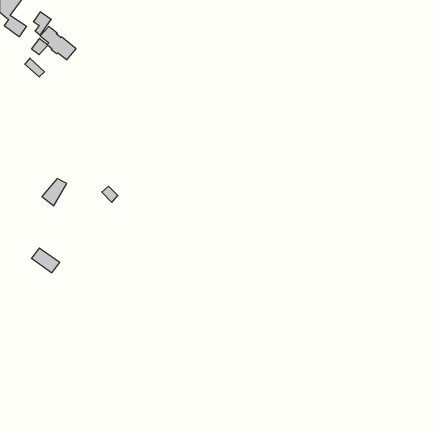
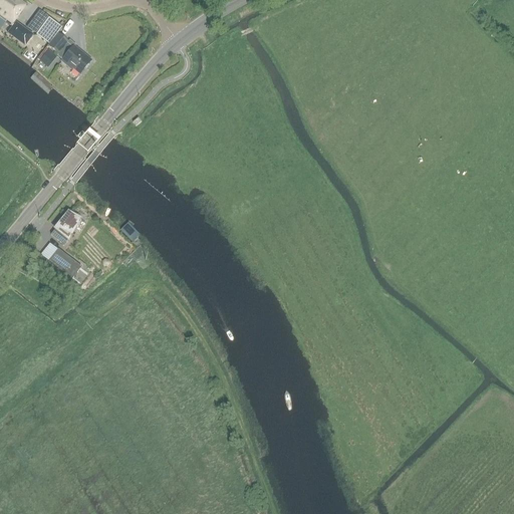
building: [31,248,60,273] -> [47,246,80,275]

